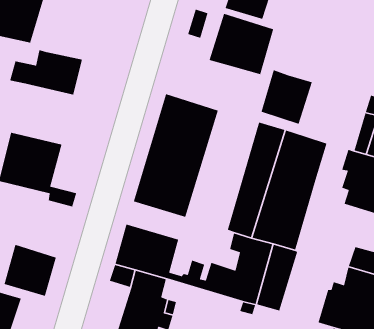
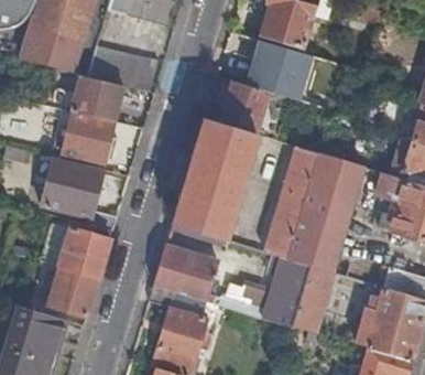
building: none -> [89,45,160,92]
building: [261,69,313,125] -> [219,82,270,136]
building: none -> [63,110,116,162]
building: none -> [58,227,111,279]

